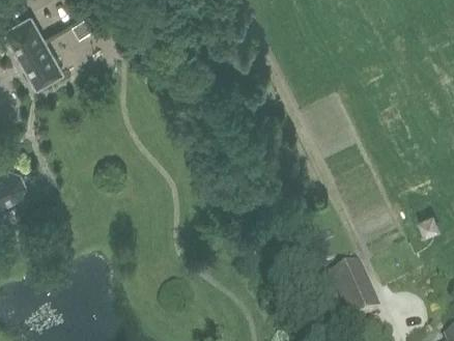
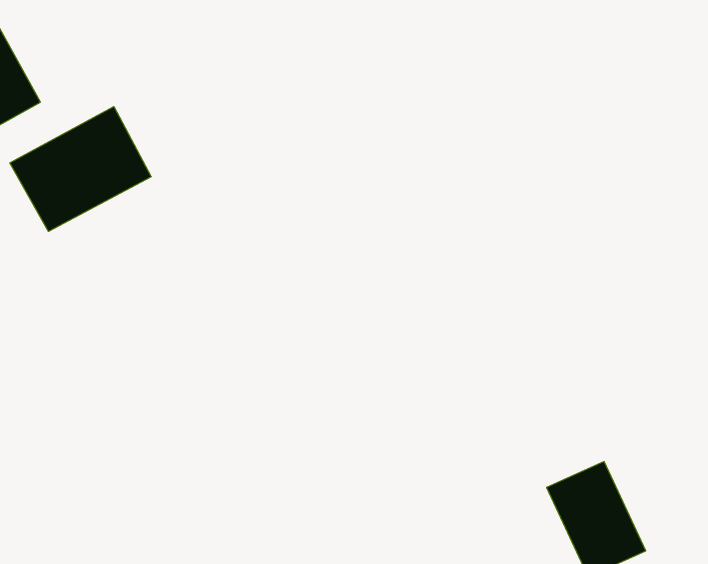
building: none -> [10,107,151,231]

